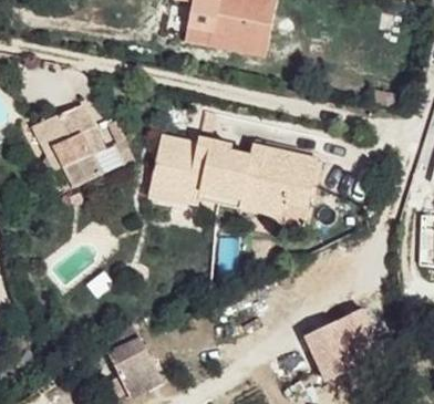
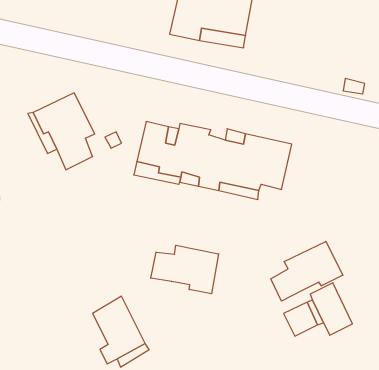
building: none -> [271,241,343,301]
building: none -> [151,245,219,294]

